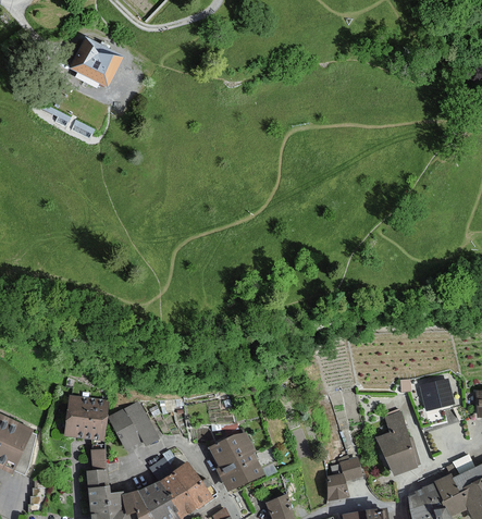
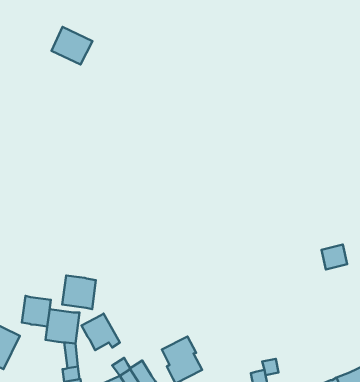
building: none -> [62,275,96,309]
building: [420,379,453,410] -> [322,245,347,269]
building: none -> [22,296,51,327]
building: [376,411,418,474] -> none

